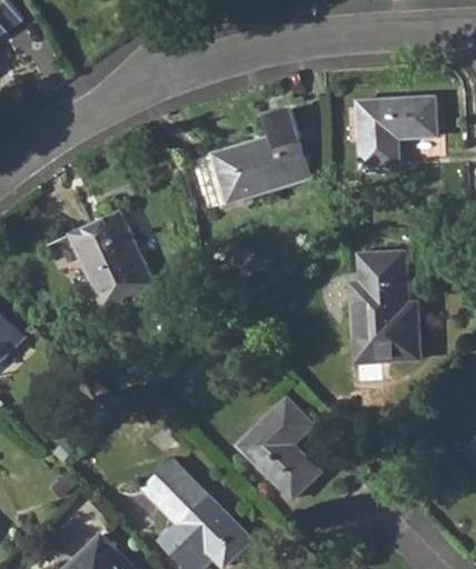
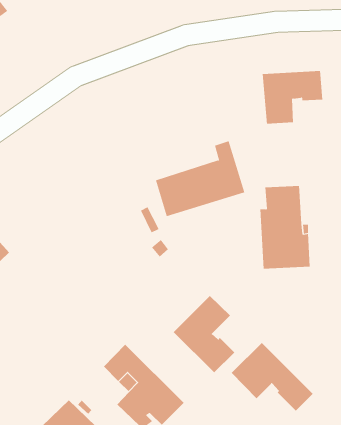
building: [194,108,313,209] -> [155,141,245,217]
building: [66,210,150,308] -> none
building: none -> [231,342,313,411]

